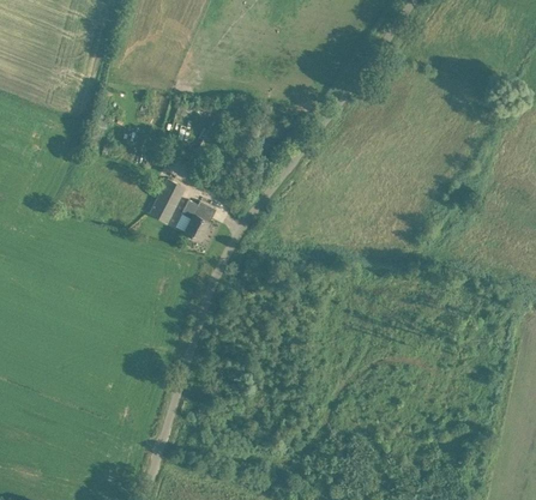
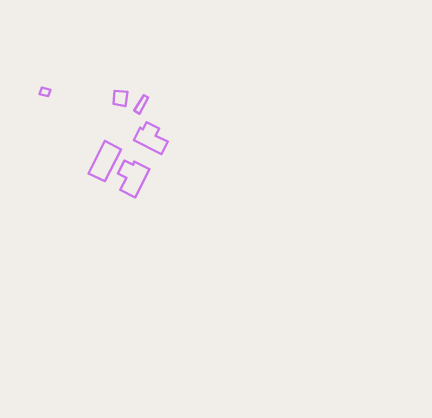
building: none -> [134,122,168,154]

